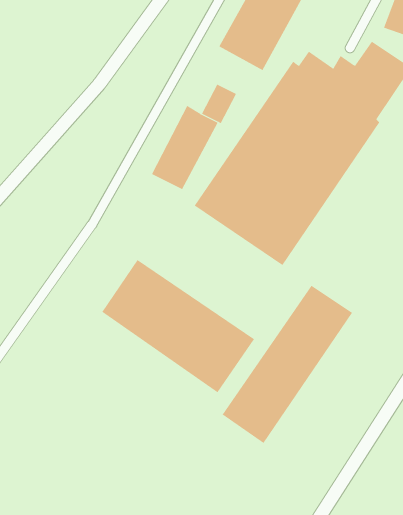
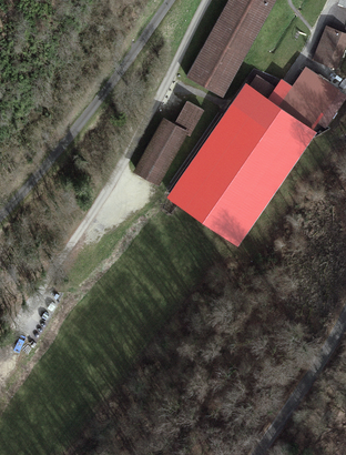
building: [102,259,255,393] -> none
building: [222,285,353,444] -> none

